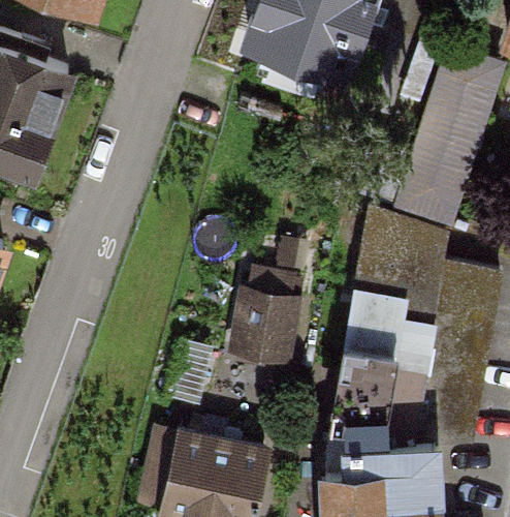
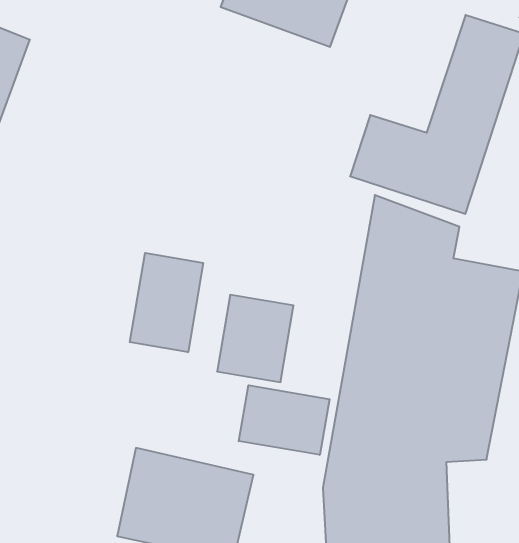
building: none -> [130,253,203,352]
building: none -> [239,385,329,455]

